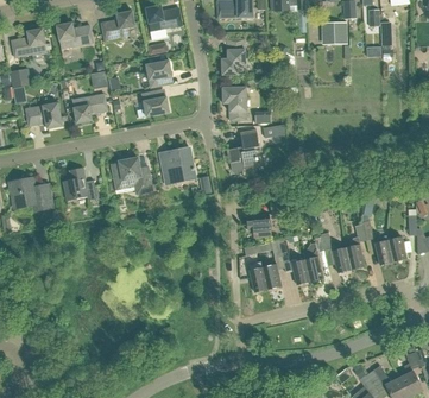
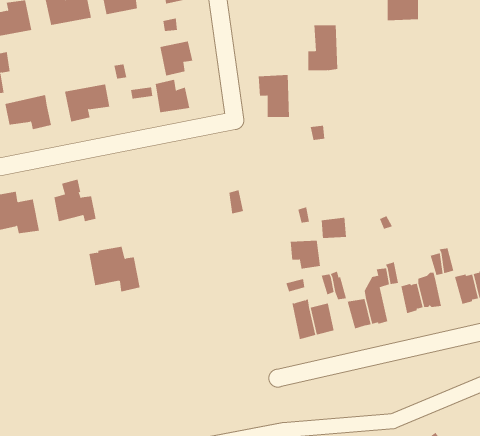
building: [221,38,245,74] -> [307,25,338,71]
building: [226,128,259,172] -> none
building: [159,146,195,183] -> none
building: [111,157,151,192] -> [88,246,141,292]

